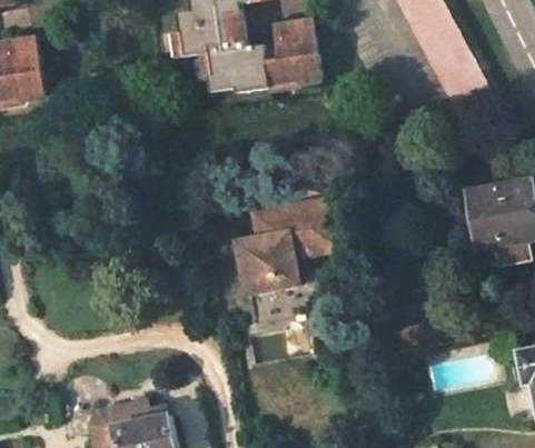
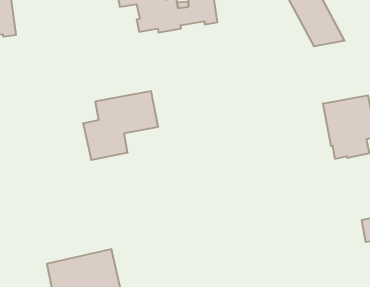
building: [237,197,340,291] -> [83,91,158,160]

